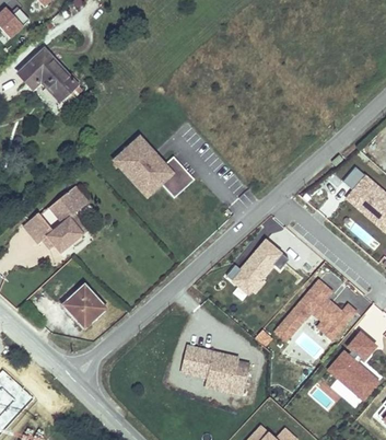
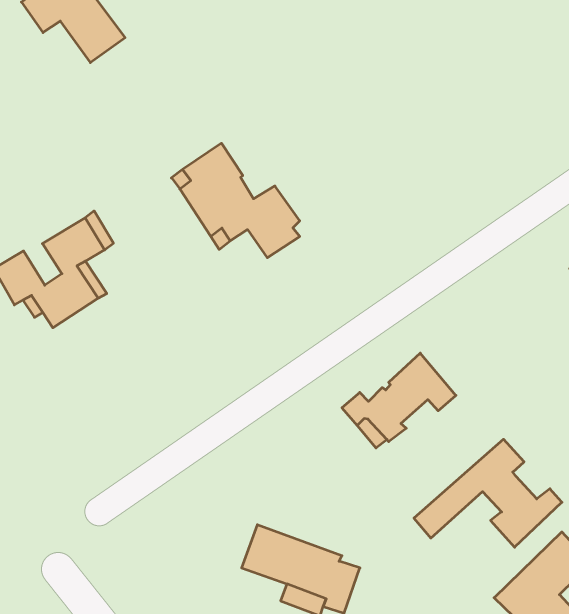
building: [62,285,106,328] -> none

